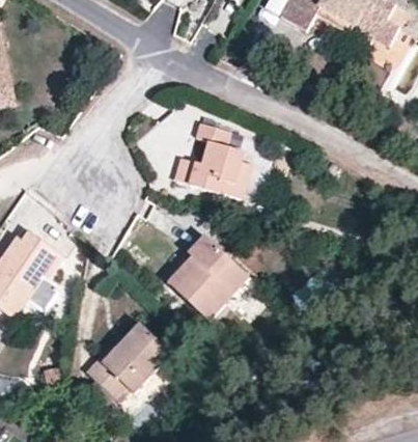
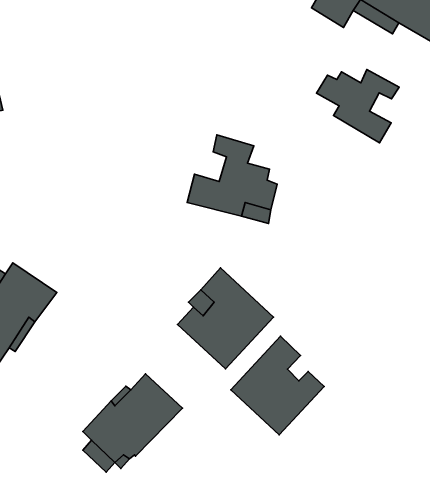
building: none -> [317,69,399,143]
building: none -> [231,336,324,435]

